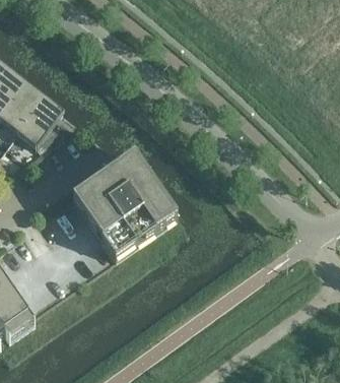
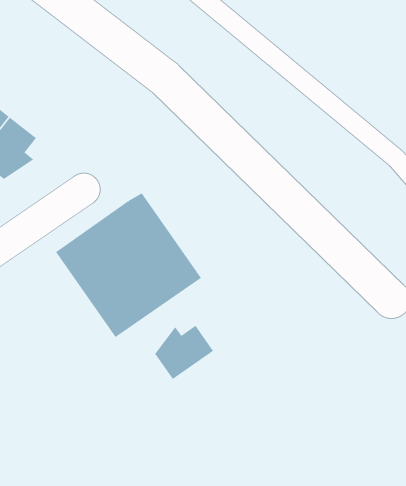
building: none -> [154,325,214,380]

